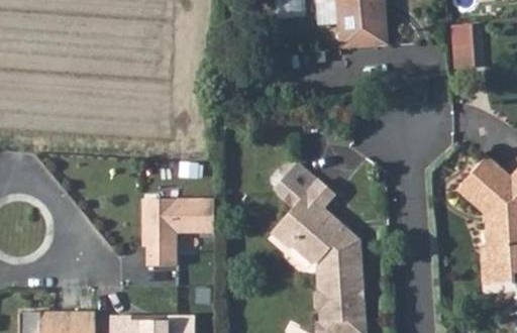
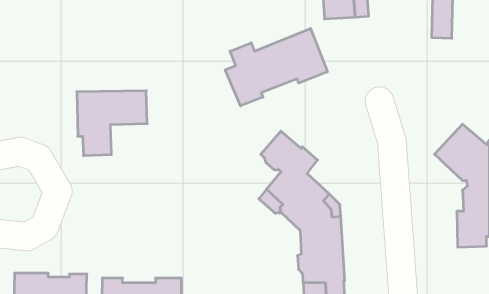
building: none -> [225,28,327,106]
building: [141,199,215,266] -> [77,91,147,156]

